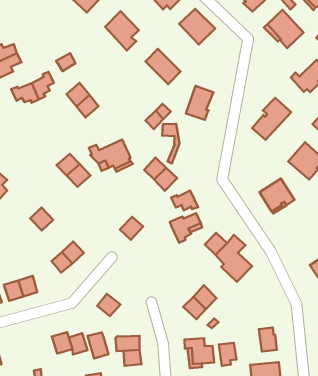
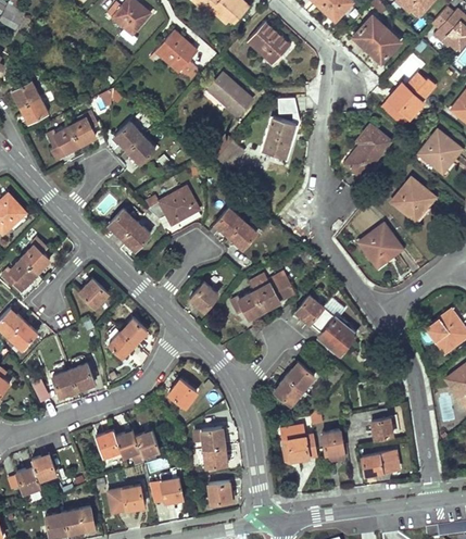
building: [162,124,179,163] -> [278,98,300,147]
building: [171,191,198,211] -> [230,291,264,316]
building: [88,332,109,358] -> [96,430,123,463]

